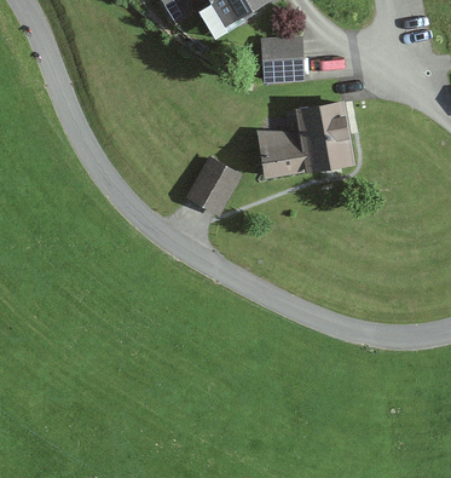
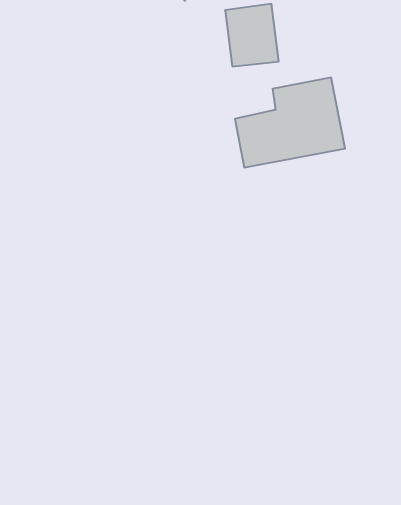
building: [185,159,232,212] -> none

